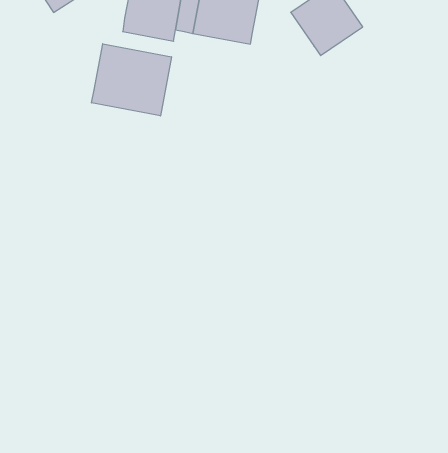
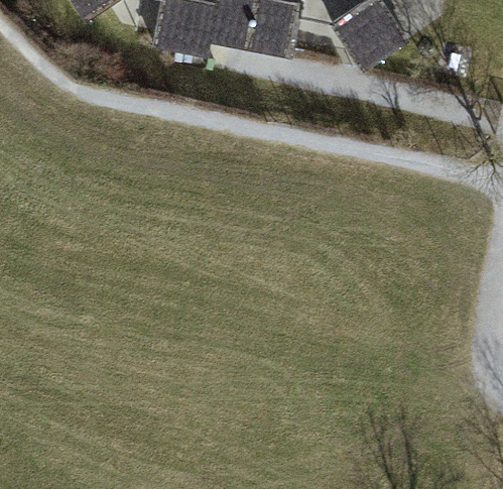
building: [92,44,171,116] -> none

